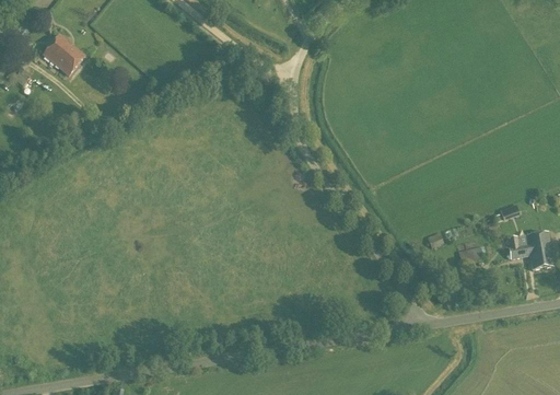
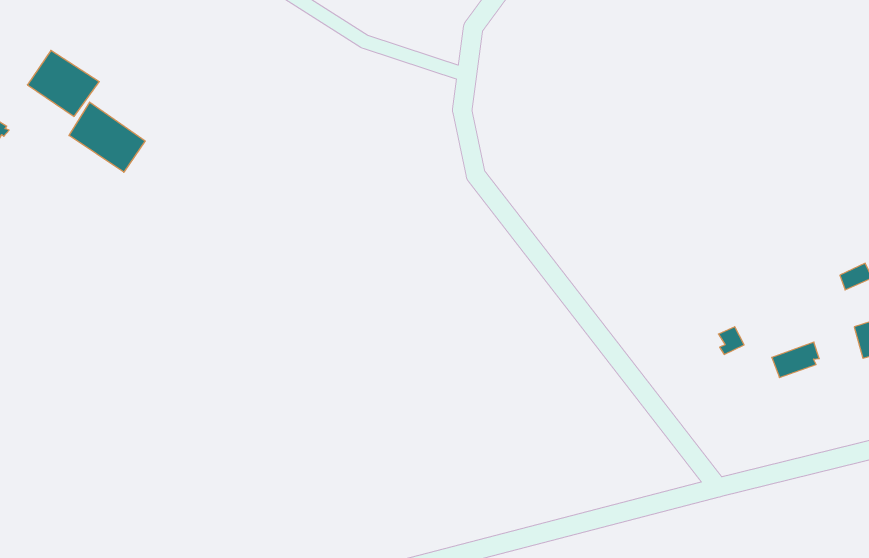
building: none -> [69,102,145,172]

